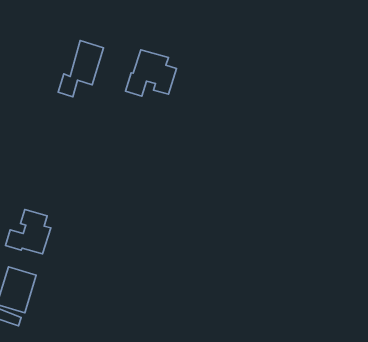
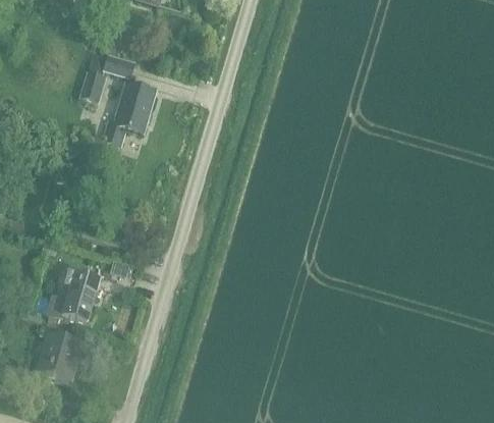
building: none -> [79,51,135,103]
building: [125,50,176,96] -> none

